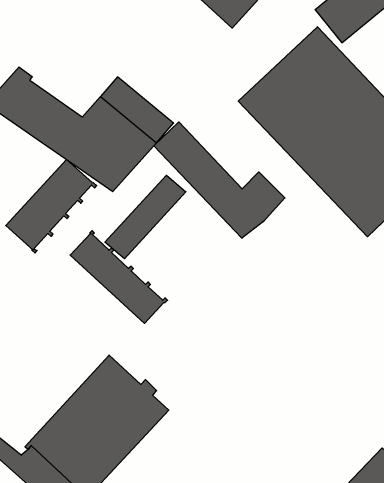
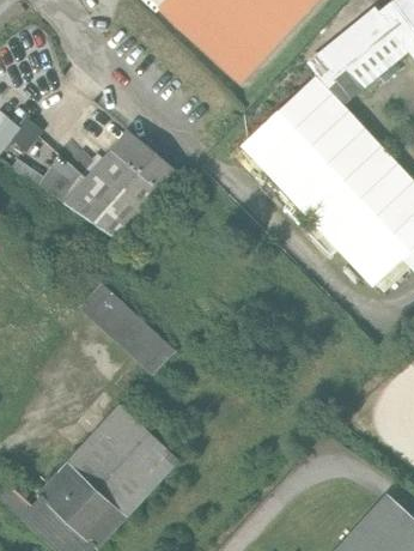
building: [154,122,285,238] -> none
building: [6,159,97,253] -> none
building: [105,175,186,259] -> none

